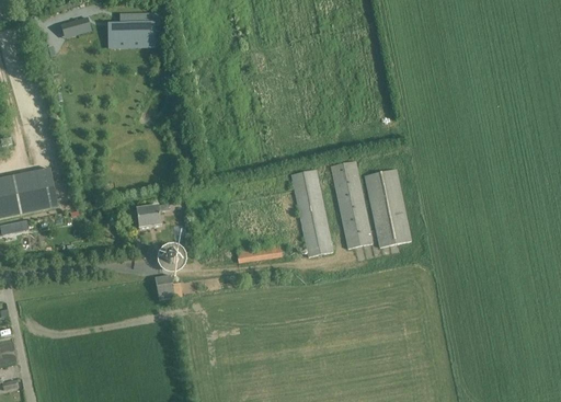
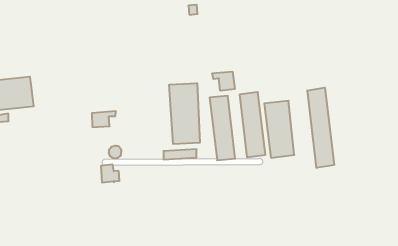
building: none -> [212,72,235,91]
building: none -> [307,88,334,168]
building: none -> [169,83,200,144]

